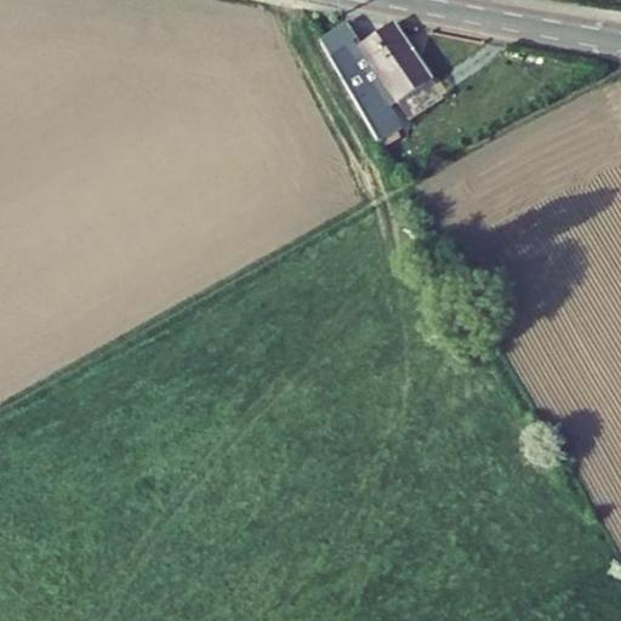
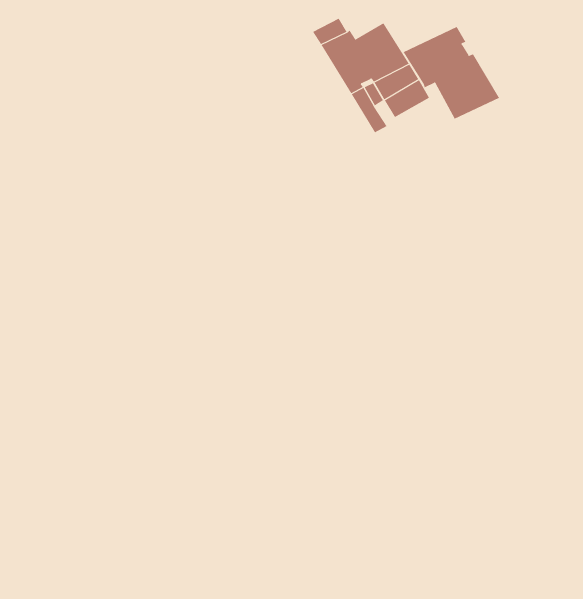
building: none -> [403,26,500,119]

